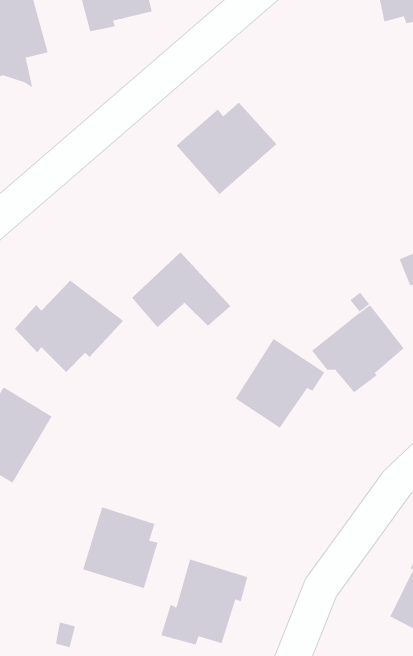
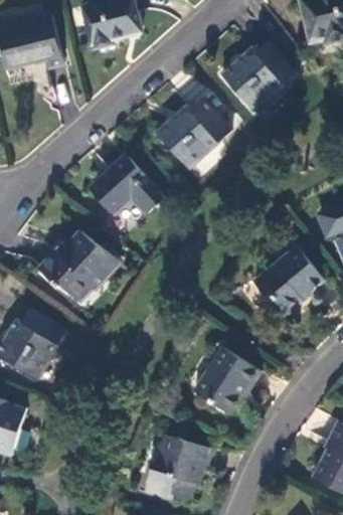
building: none -> [220,40,297,110]
building: [131,251,231,328] -> [91,157,164,213]
building: [235,338,325,428] -> [195,347,262,413]
building: [82,506,158,589] -> none

